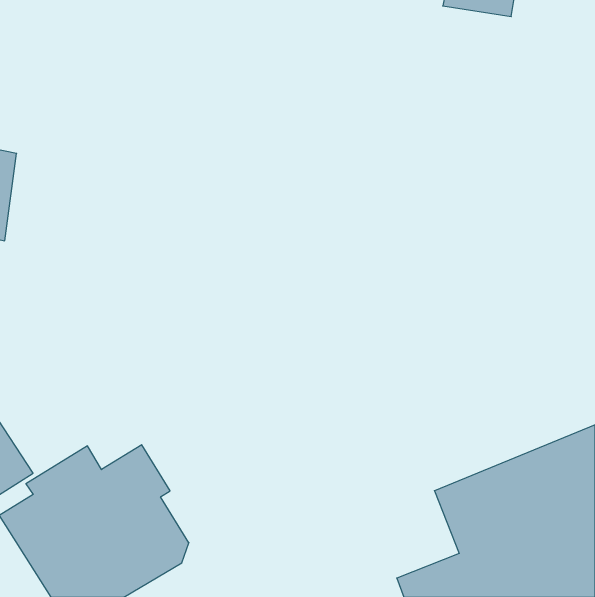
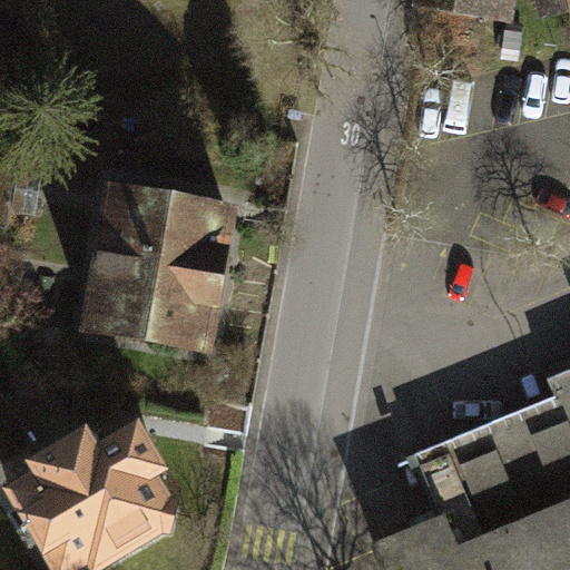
building: none -> [78,174,238,353]

